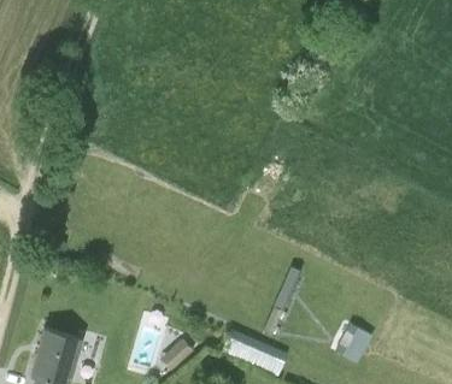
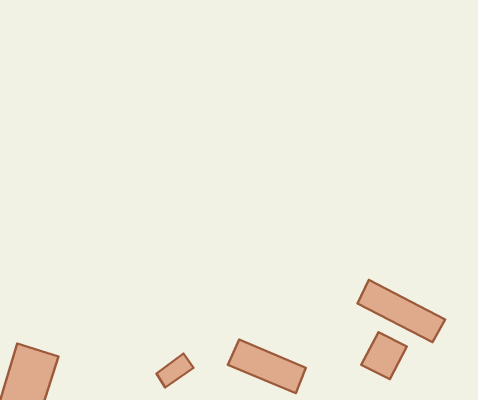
building: none -> [357,280,445,342]

